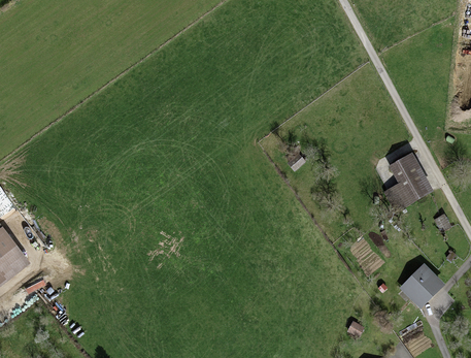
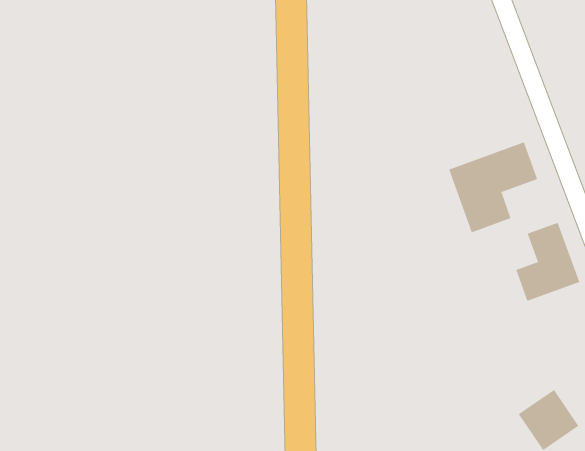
building: none -> [448,142,538,233]

